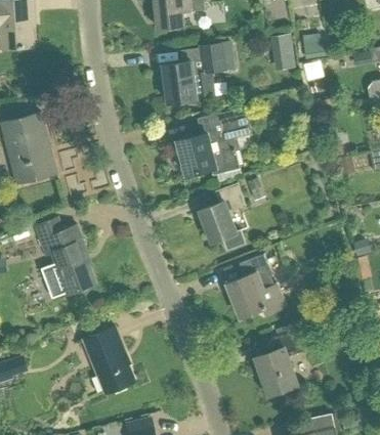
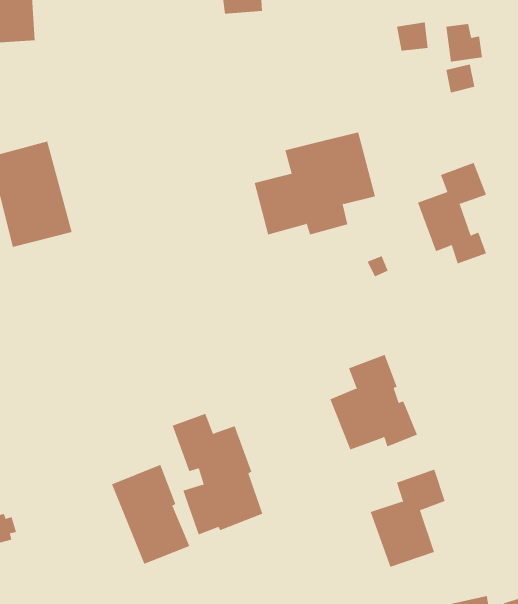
building: [162,43,234,102] -> none
building: [199,183,245,251] -> [417,162,487,264]
building: [34,217,94,298] -> [172,413,263,535]

